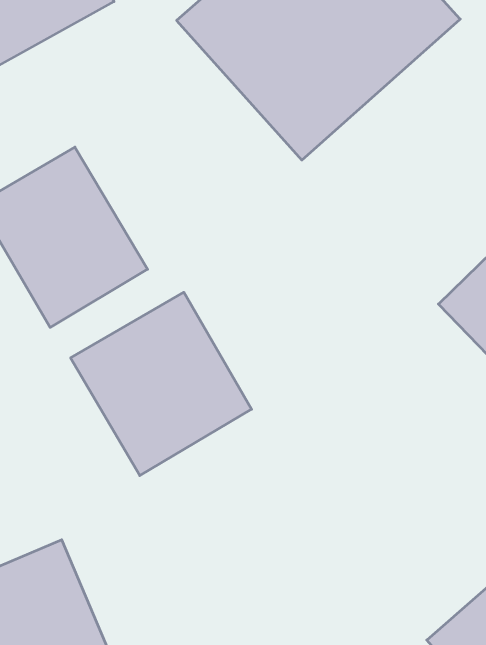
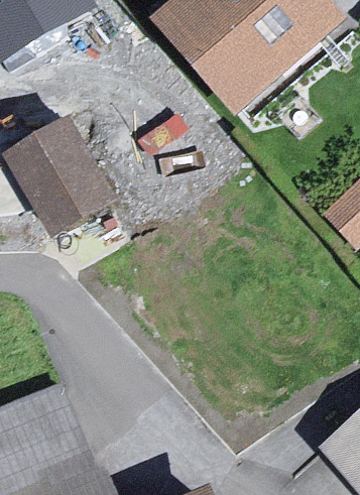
building: [71,292,252,476] -> none

